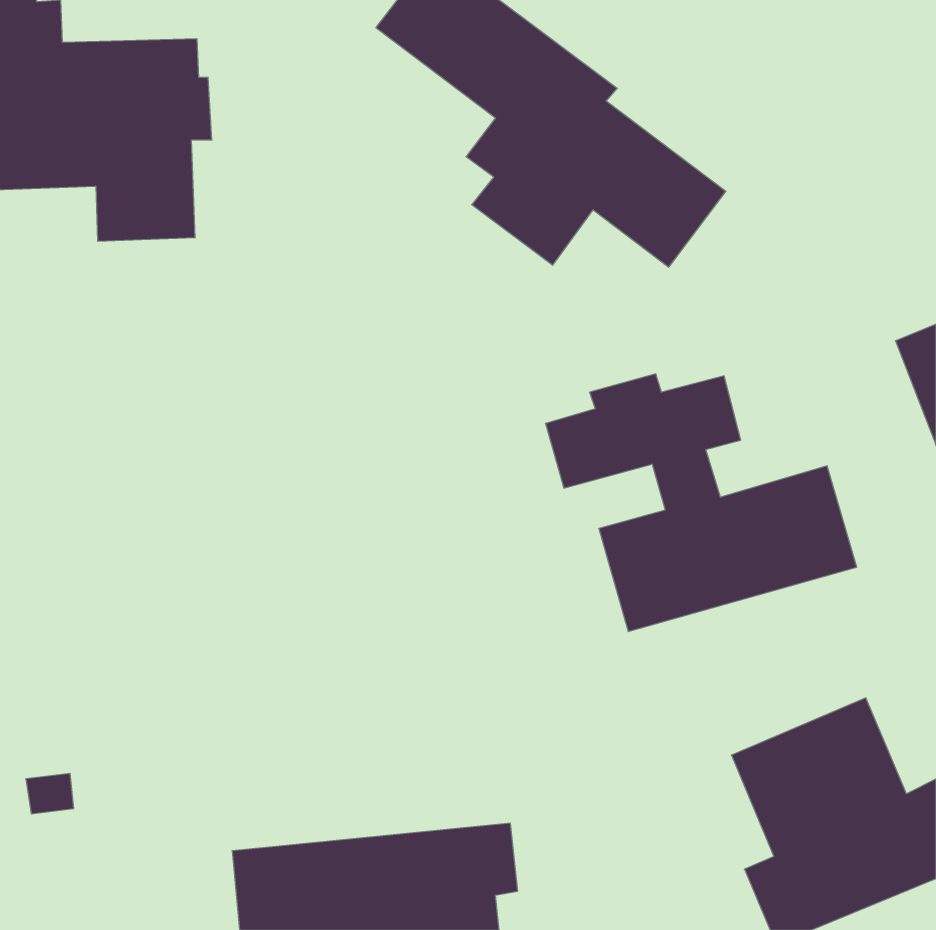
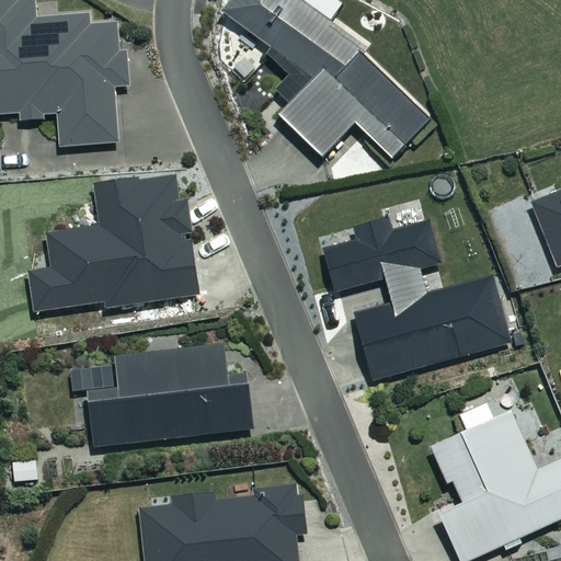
building: none -> [27,180,197,307]
building: none -> [87,345,253,443]

